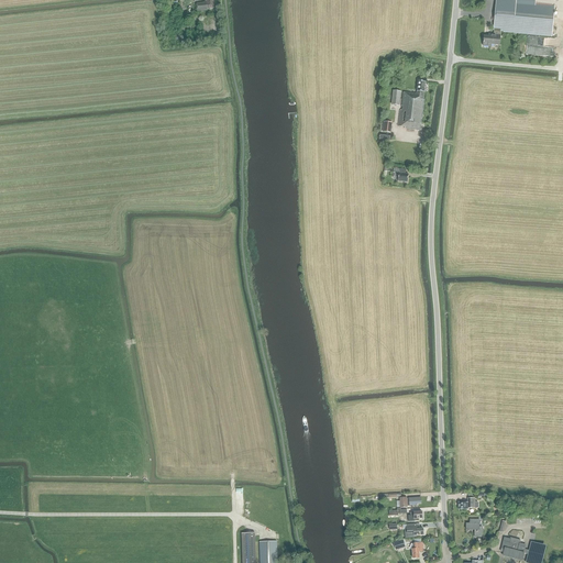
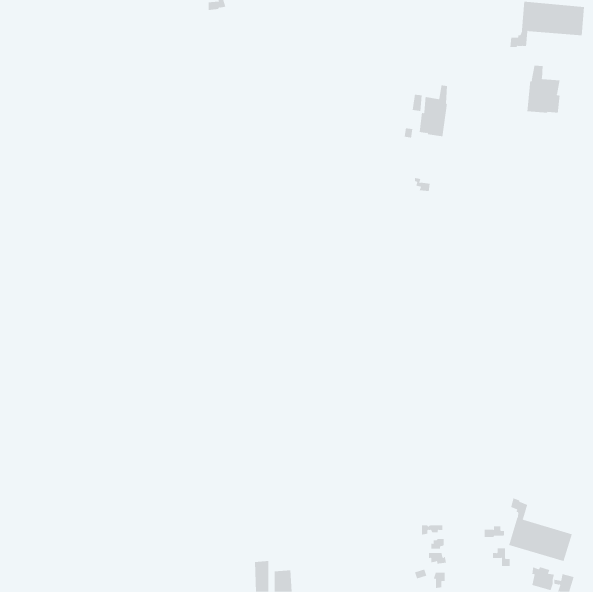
building: none -> [527,65,560,114]
building: none -> [508,497,572,562]

